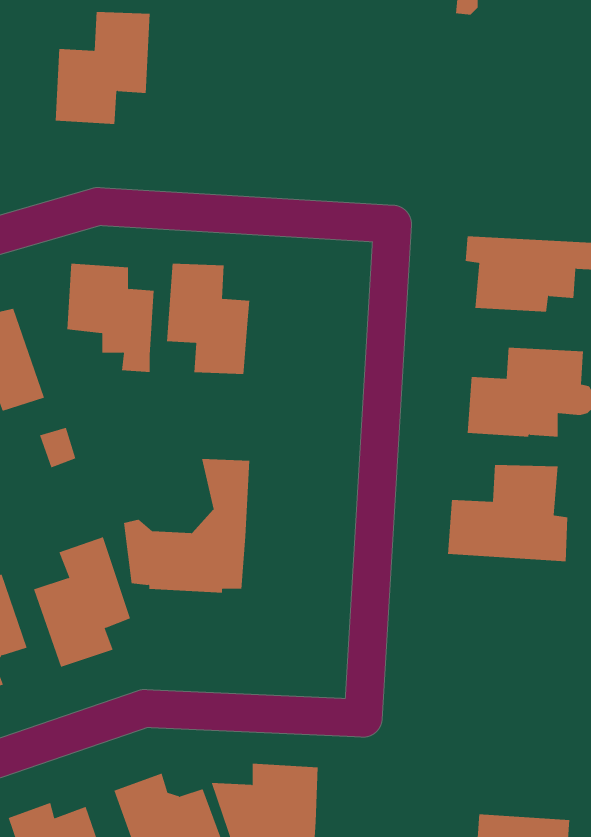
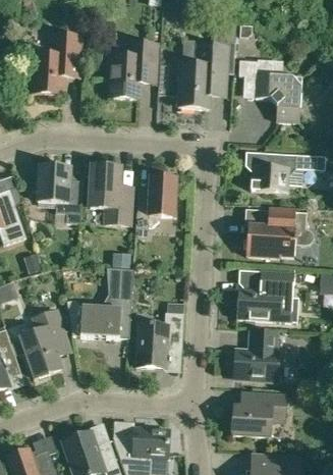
building: none -> [108,41,156,98]
building: none -> [177,43,227,107]
building: none -> [239,58,301,121]
building: none -> [134,175,175,229]
building: none -> [135,311,183,366]
building: none -> [234,330,277,379]
building: none -> [231,391,286,435]

